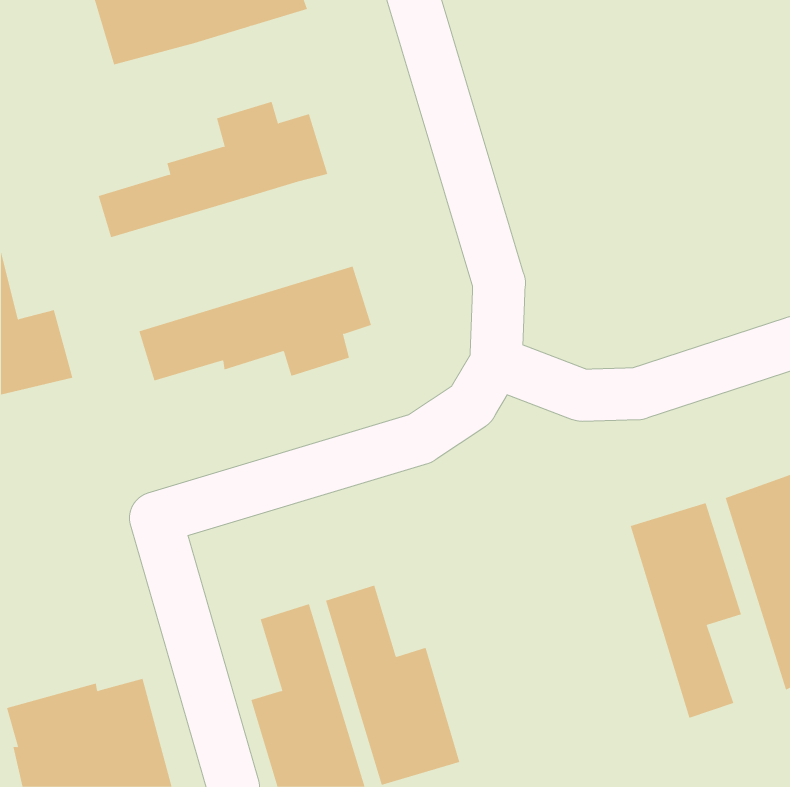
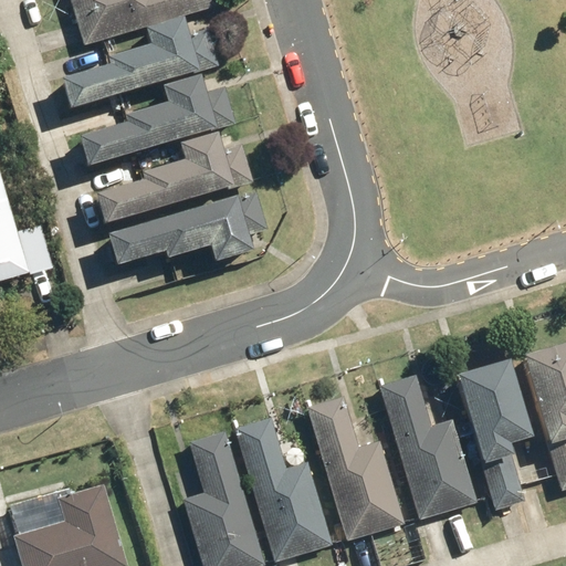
building: none -> [54,19,220,112]
building: none -> [90,129,253,228]
building: none -> [379,373,476,517]
building: none -> [306,394,402,537]

